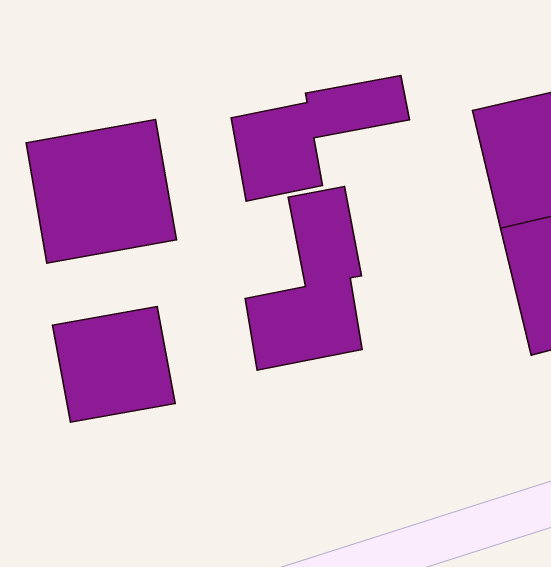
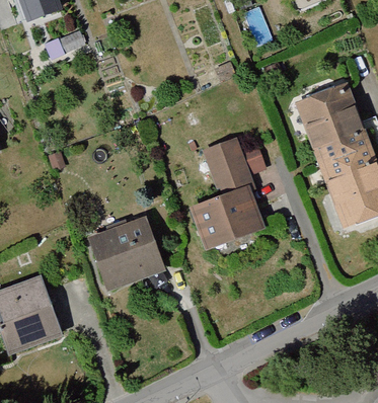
building: [231,75,409,201] -> none
building: [26,120,176,263] -> none

